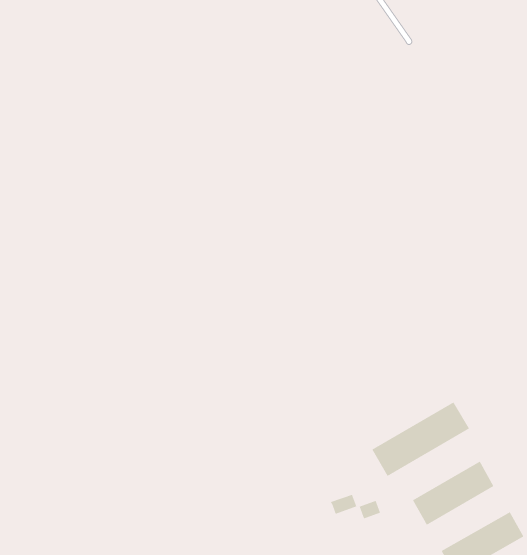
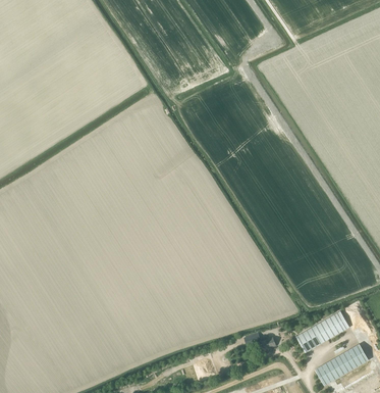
building: [372,402,470,477] -> none

